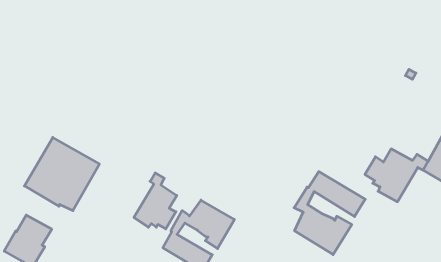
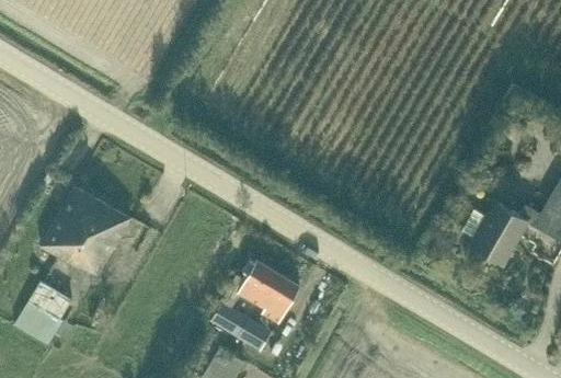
building: [294,172,365,255] -> none
building: [134,173,177,229] -> none

